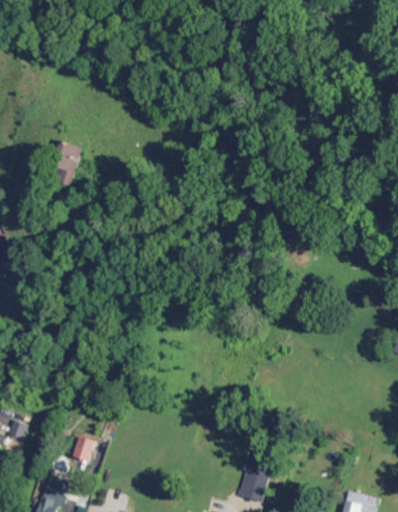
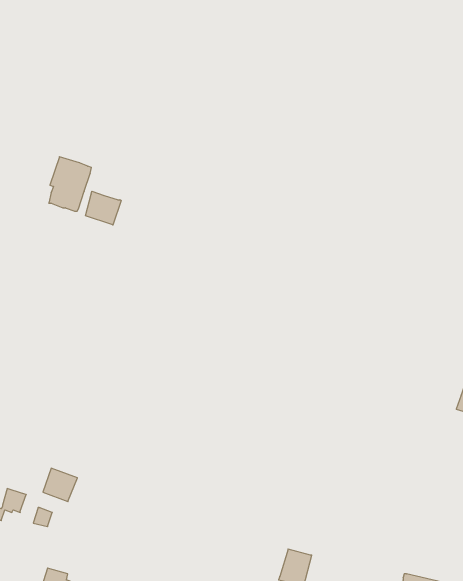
building: none -> [86,191,121,225]
building: [67,435,96,463] -> [43,468,77,502]

